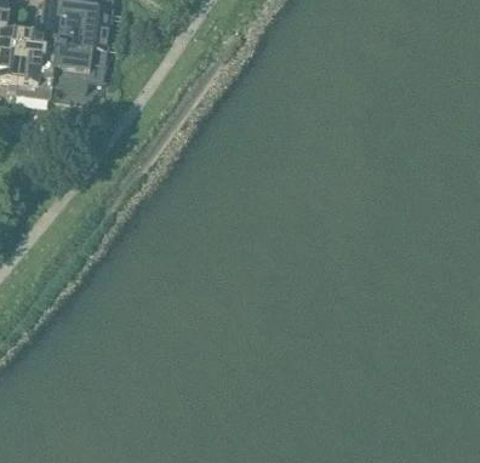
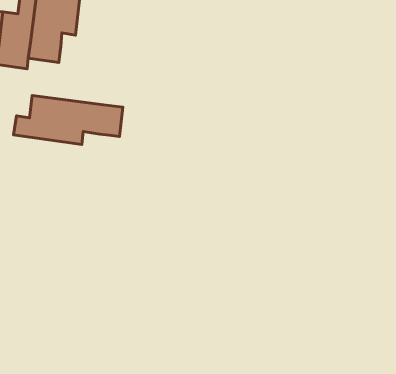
building: none -> [14,95,123,145]

